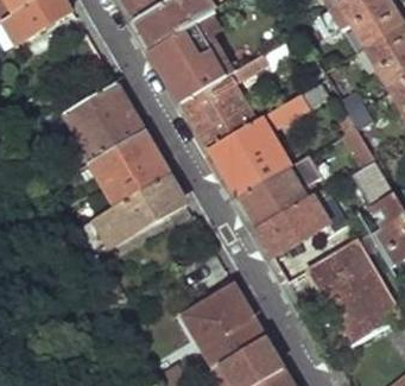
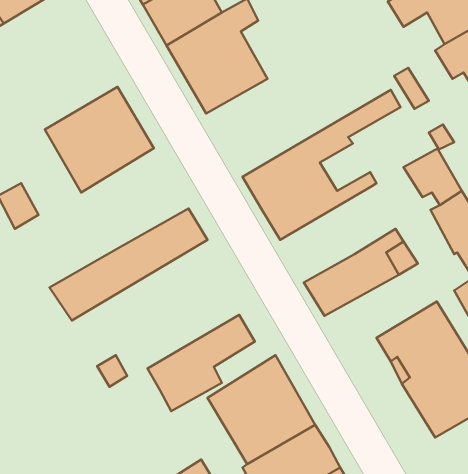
building: [183,53,272,148] -> none
building: [89,127,170,203] -> none
building: [239,156,319,228] -> [148,315,255,411]

